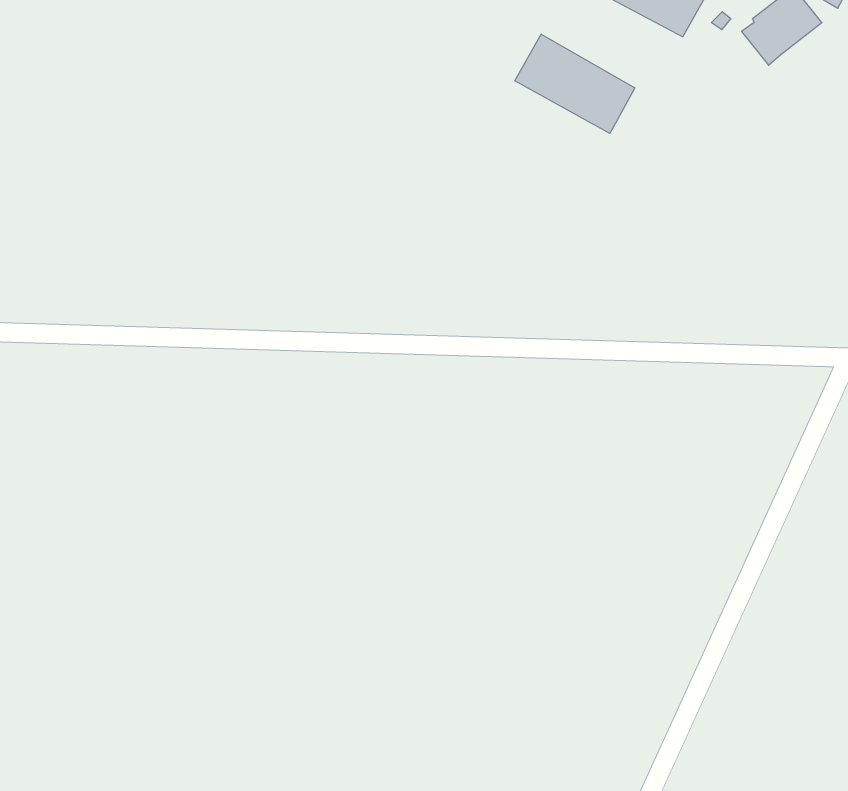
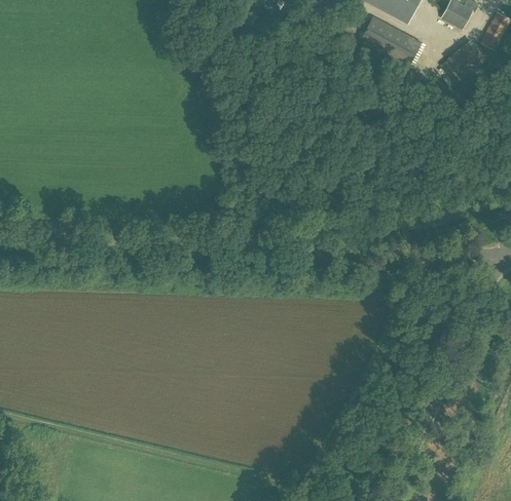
building: [515,34,635,133] -> none

